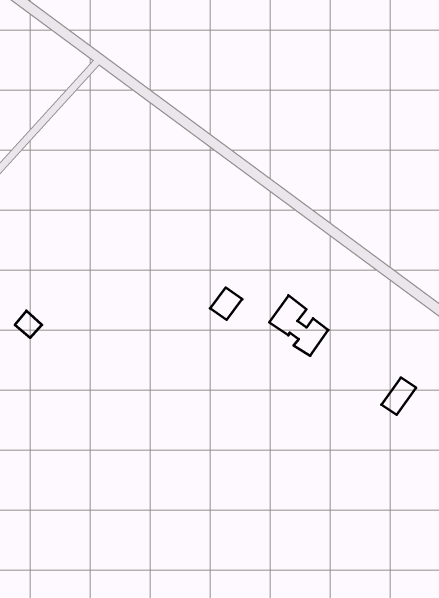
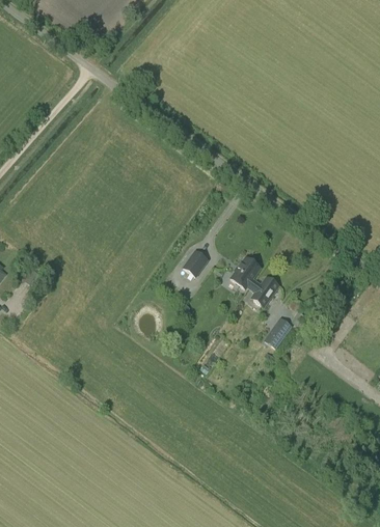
building: [381,378,416,415] -> [264,317,292,348]

